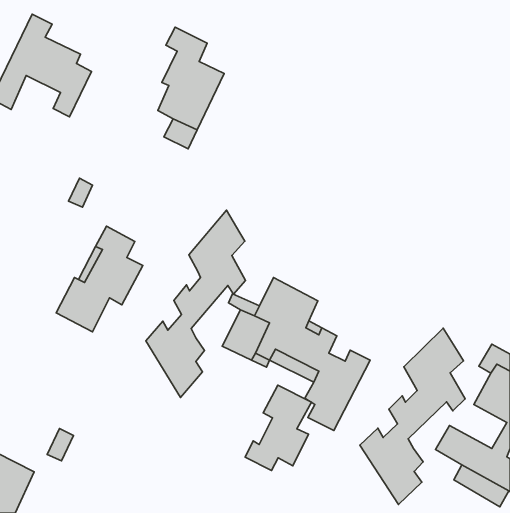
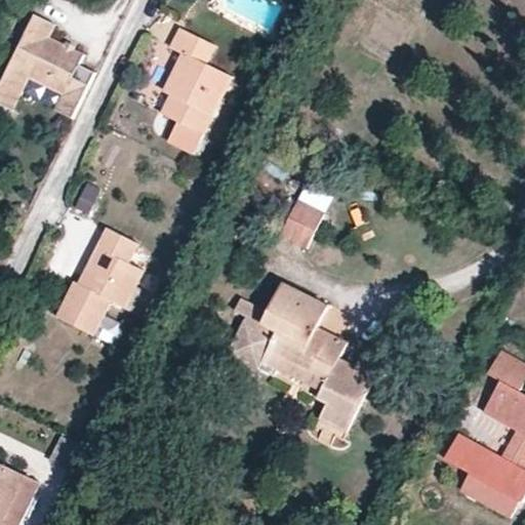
building: none -> [281,197,326,247]
building: [146,210,245,397] -> none
building: [360,328,465,504] -> none
building: [245,385,311,470] -> none

